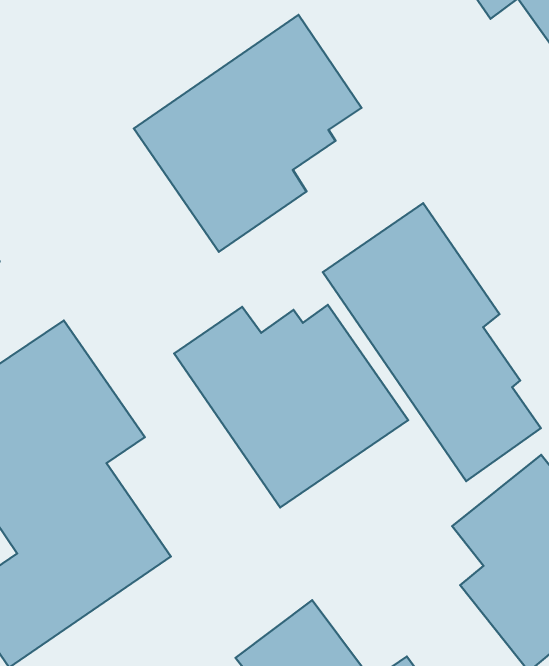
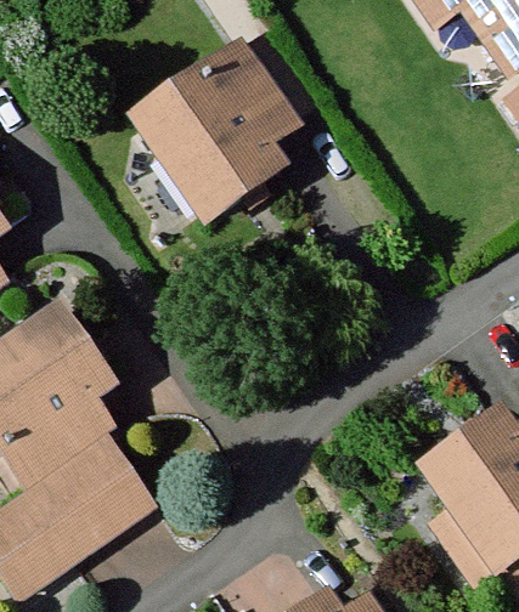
building: [323,203,541,481] -> none
building: [174,305,408,508] -> none

